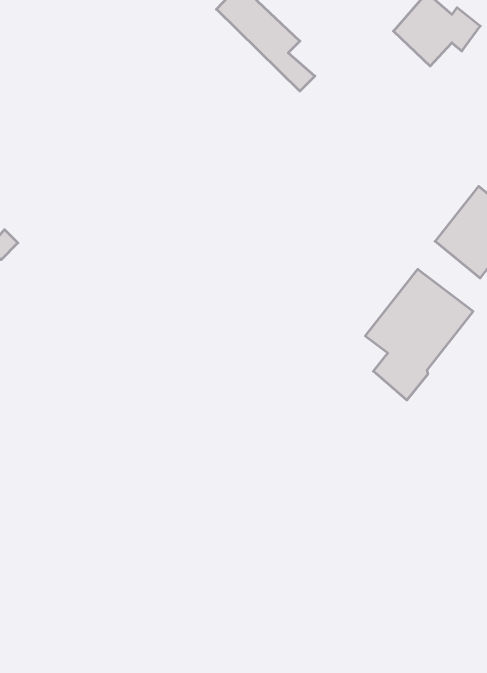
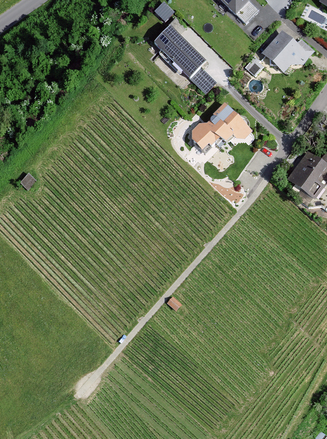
building: none -> [191,103,252,150]
building: [365,269,473,400] -> none

